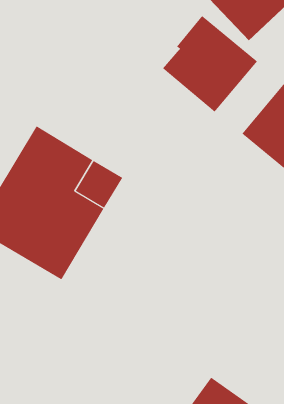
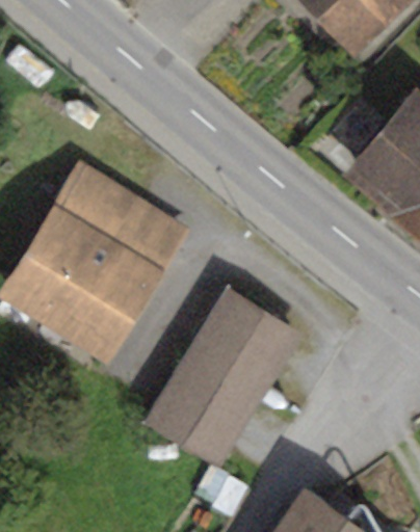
building: [162,15,258,113] -> none
building: none -> [145,288,301,468]

